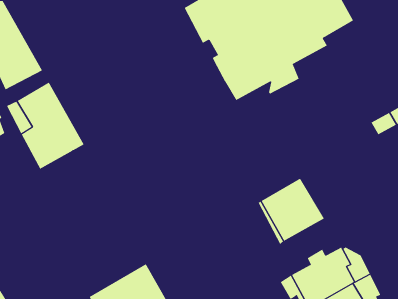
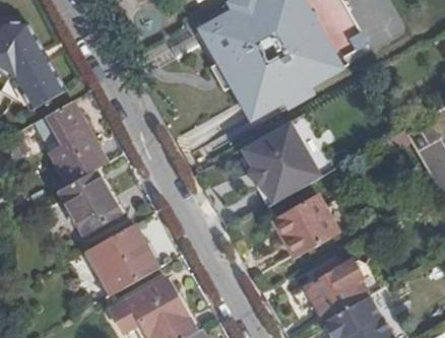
building: none -> [242,124,317,203]
building: none -> [57,167,120,232]
building: none -> [88,223,157,291]

